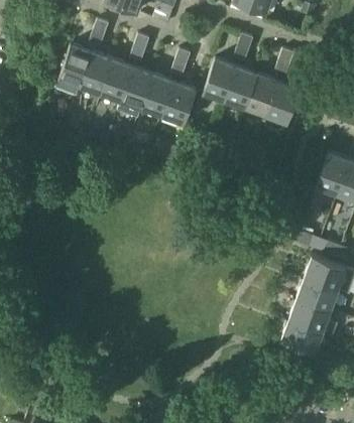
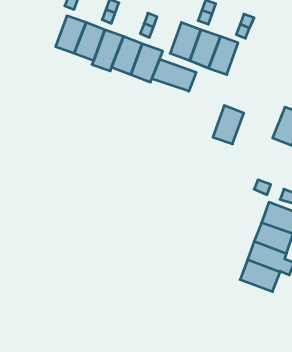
building: [55,45,92,95] -> none
building: [265,83,299,124] -> [213,106,244,144]
building: none -> [152,59,196,91]

